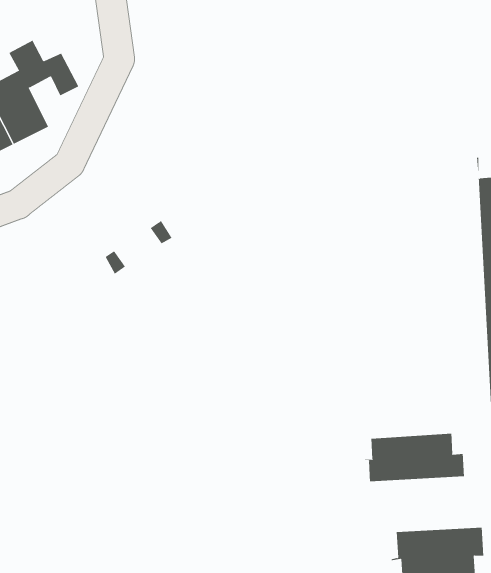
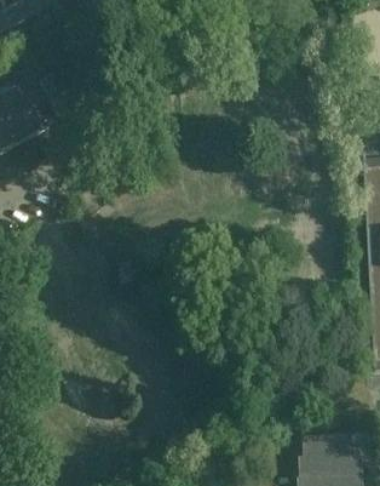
building: [361,433,465,482] -> none

